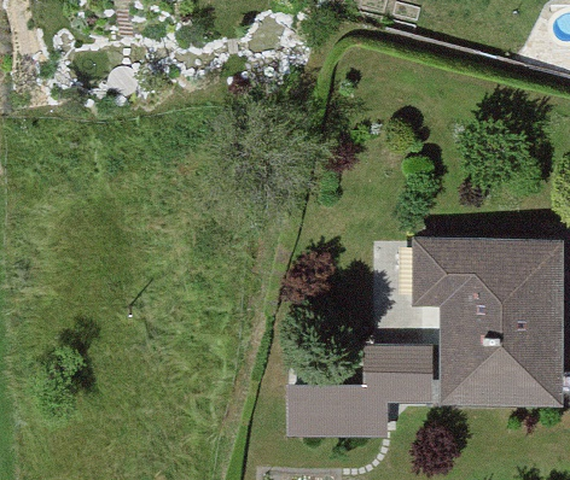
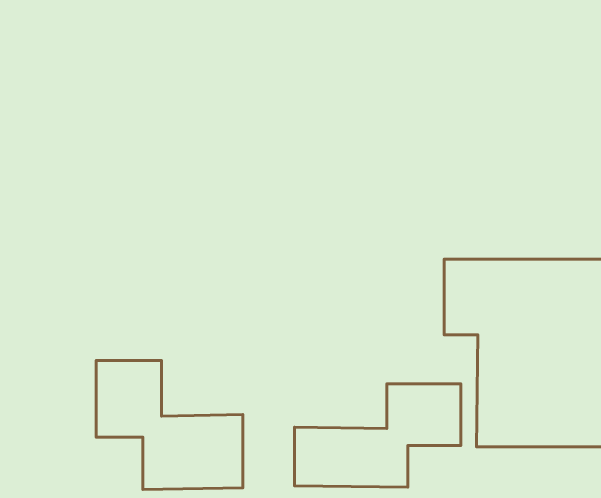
building: none -> [96,360,243,490]

